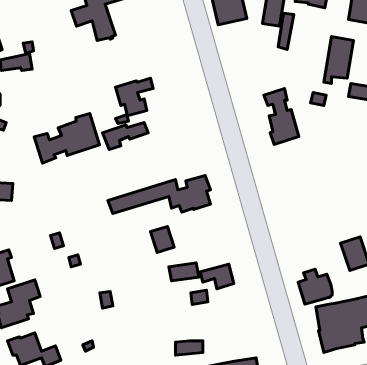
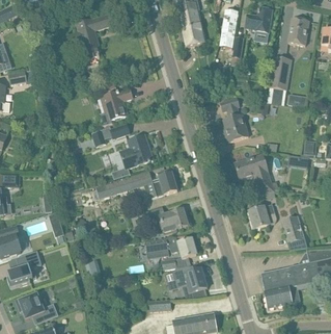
building: [34,113,99,163] -> none
building: none -> [119,134,154,168]
building: none -> [235,153,273,191]
building: none -> [156,208,188,233]
building: [298,269,332,304] -> [249,200,276,228]
building: none -> [173,264,208,292]

